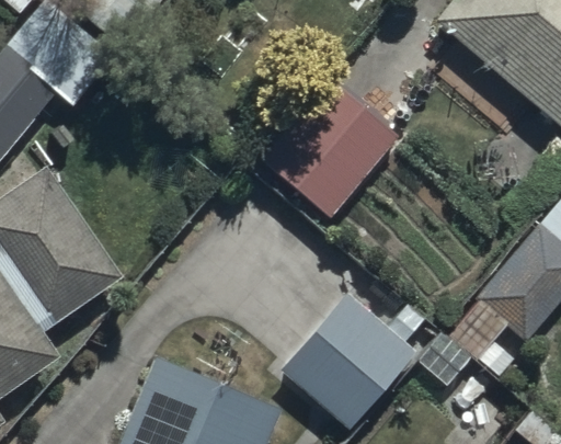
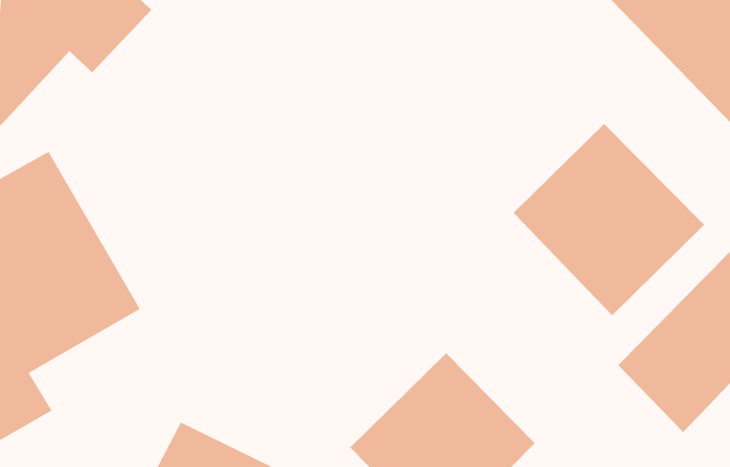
building: [256,77,399,219] -> none
building: none -> [513,123,705,316]

